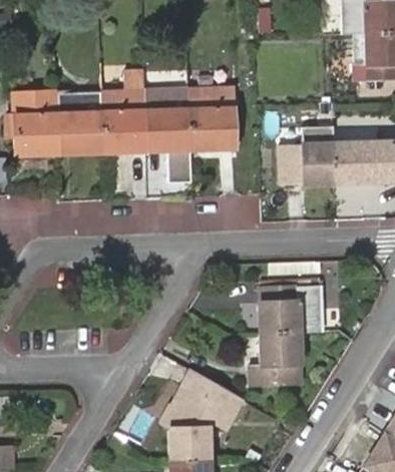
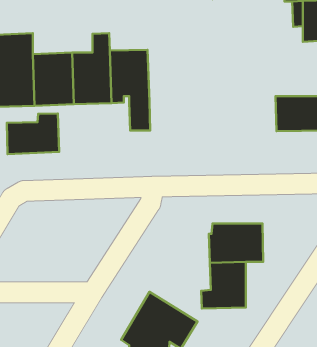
building: [188,89,235,149] -> none
building: [288,128,336,183] -> none
building: none -> [7,114,59,154]

